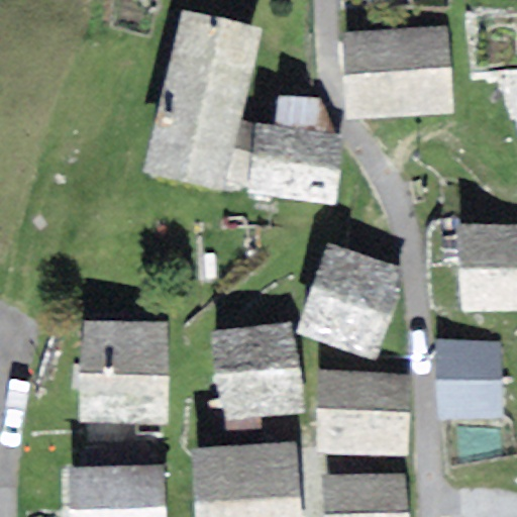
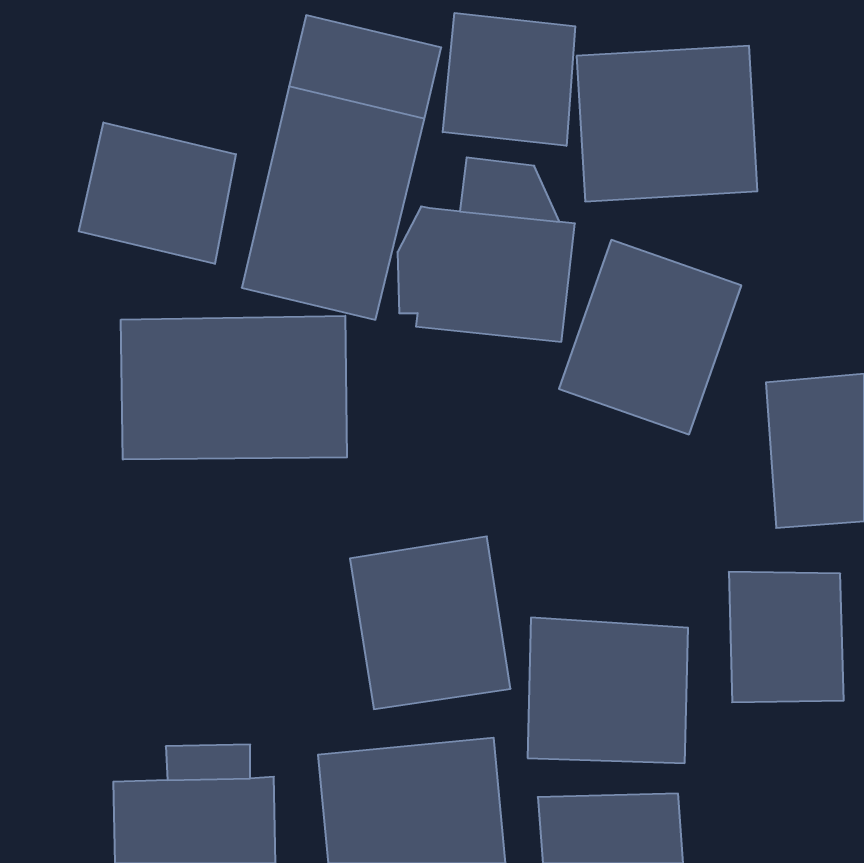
building: none -> [443,13,575,146]
building: none -> [79,122,236,264]
building: none -> [121,316,347,460]
building: [296,243,405,359] -> [559,240,741,434]
building: [79,321,168,423] -> none

